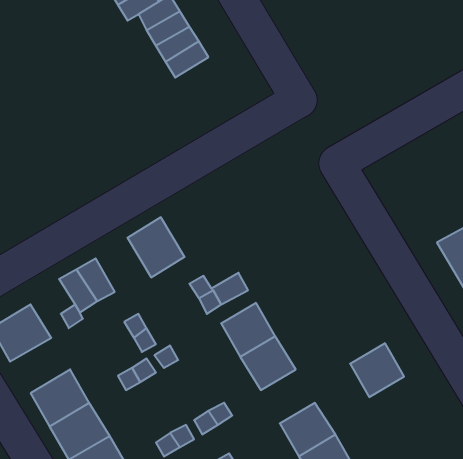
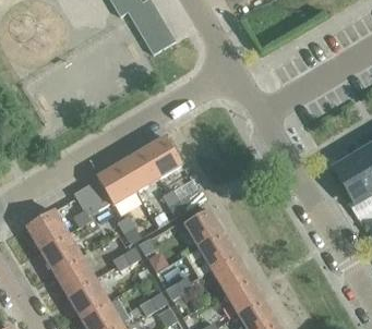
building: none -> [143,136,182,176]
building: none -> [97,163,136,204]
building: none -> [39,232,81,270]
building: [350,343,404,397] -> [212,254,249,291]

